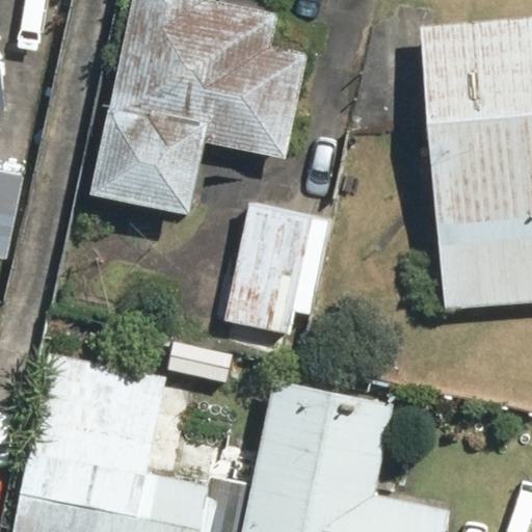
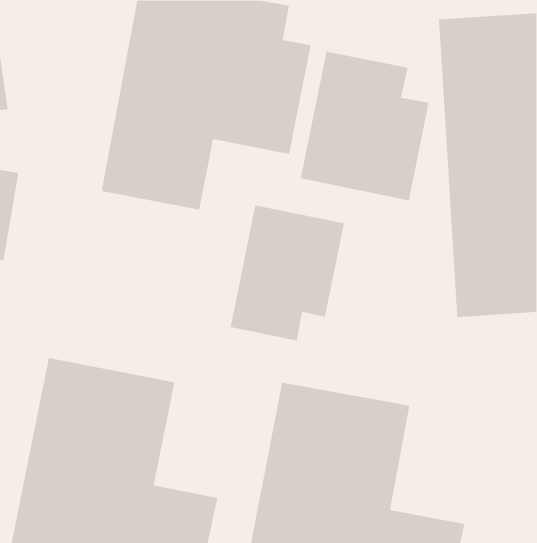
building: none -> [300,51,429,201]

